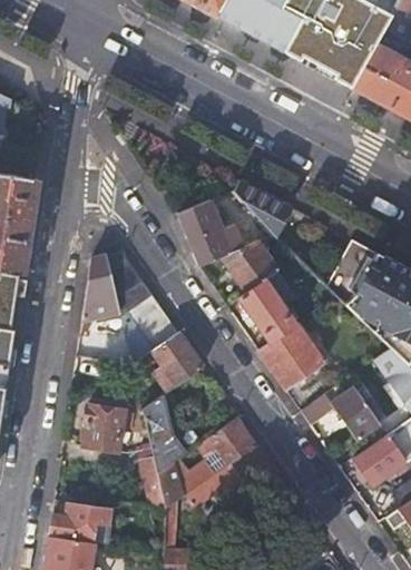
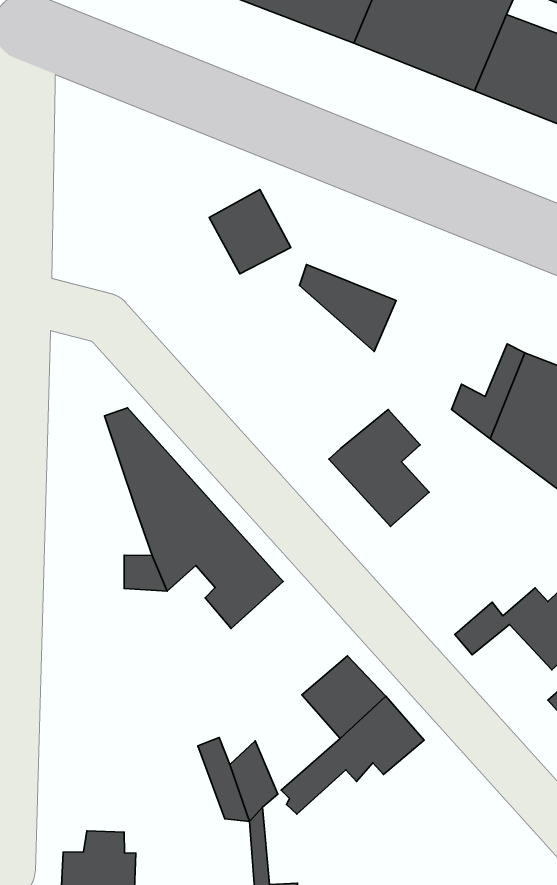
building: [178,200,225,249] -> [209,190,291,274]
building: [223,239,278,292] -> none
building: [81,256,119,321] -> none
building: [258,323,326,390] -> none
building: [143,395,186,473] -> none
building: [82,402,125,451] -> none

